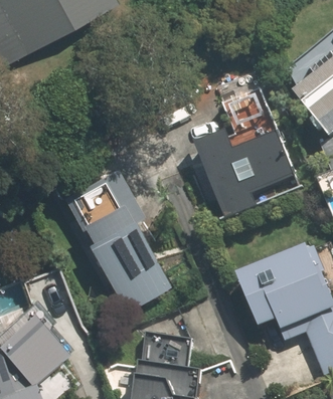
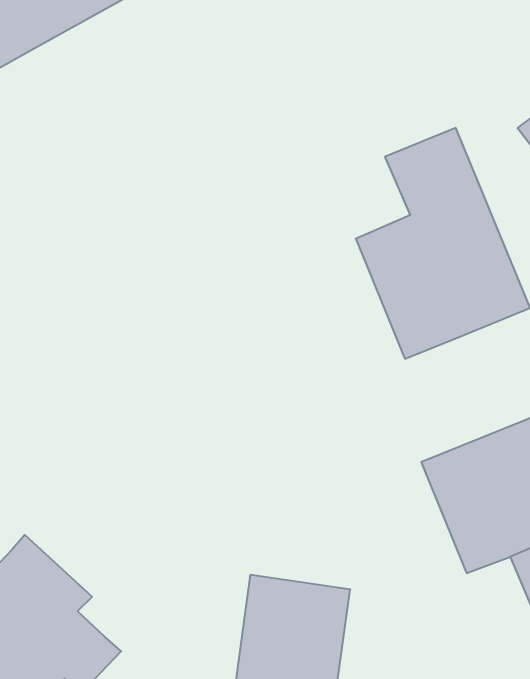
building: [55,165,167,304] -> none

